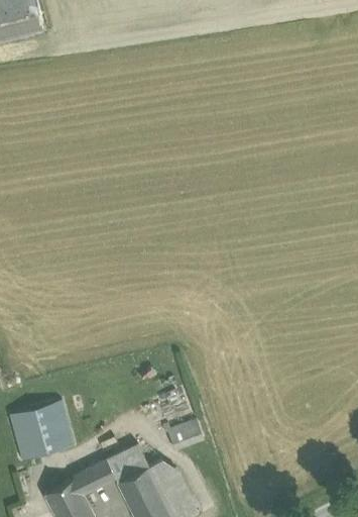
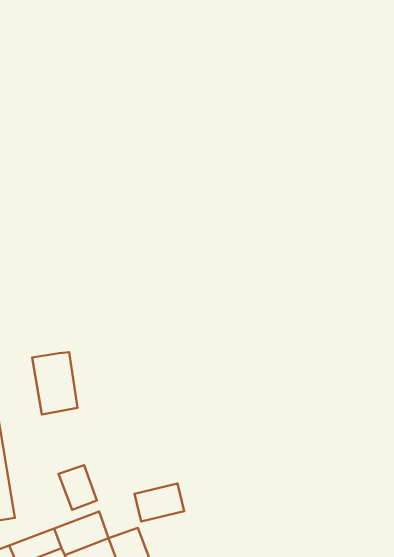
building: none -> [32,352,78,415]
building: none -> [59,465,97,510]

